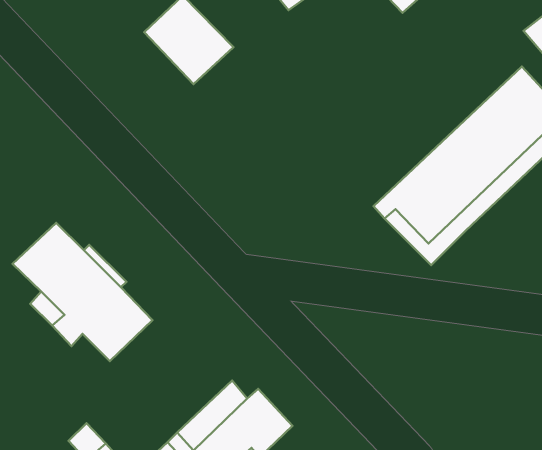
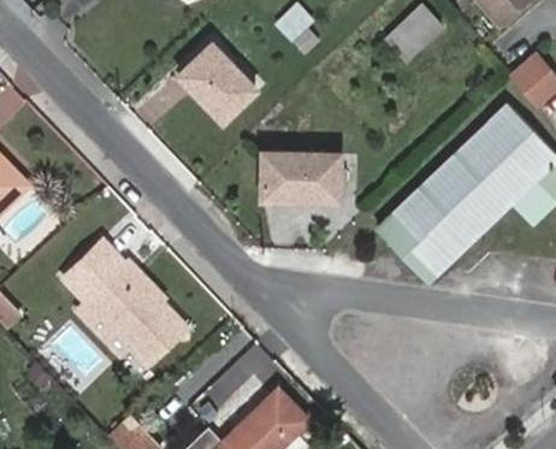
building: none -> [262,152,338,202]

